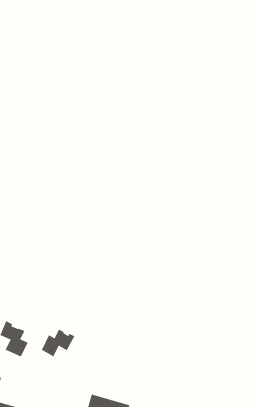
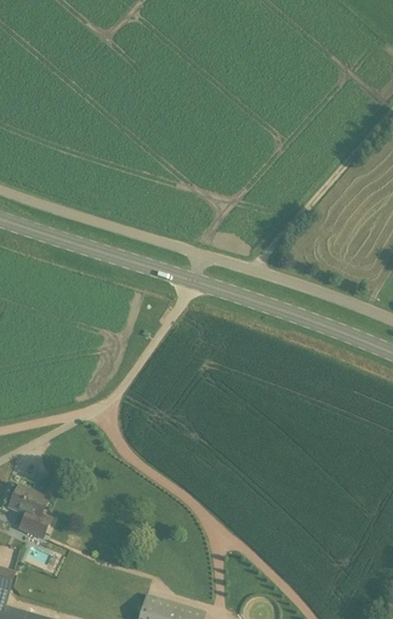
building: [41,329,75,357] -> none

